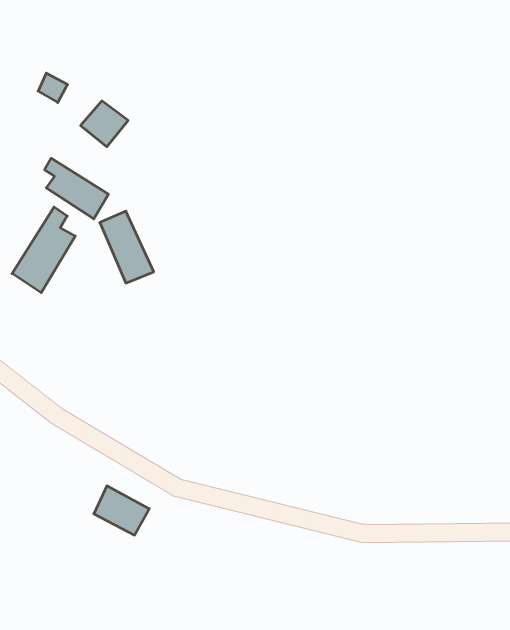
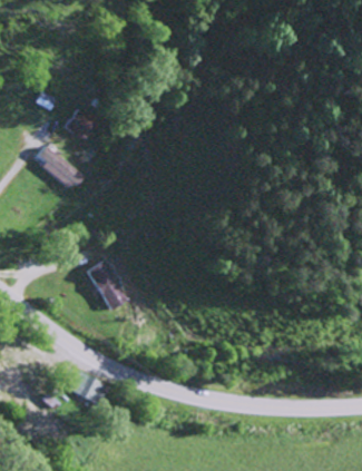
building: [12,207,75,293] -> none
building: [100,211,154,283] -> [91,261,128,310]

